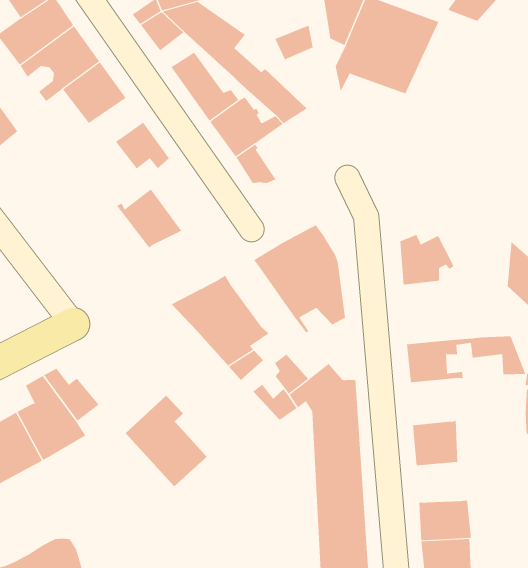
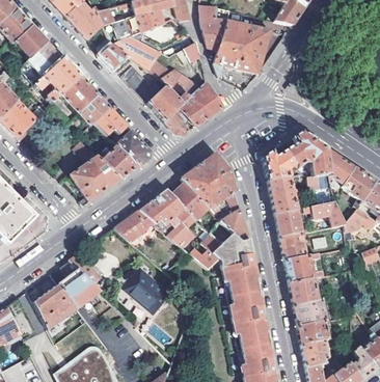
building: none -> [78,94,109,125]
building: none -> [177,81,223,126]
building: none -> [117,126,150,166]
building: none -> [71,155,121,204]
building: none -> [286,131,329,188]
building: none -> [171,181,209,218]
building: none -> [269,175,298,214]
building: none -> [115,209,155,241]
building: none -> [221,208,249,239]
building: none -> [280,229,308,260]
building: none -> [290,277,321,303]

